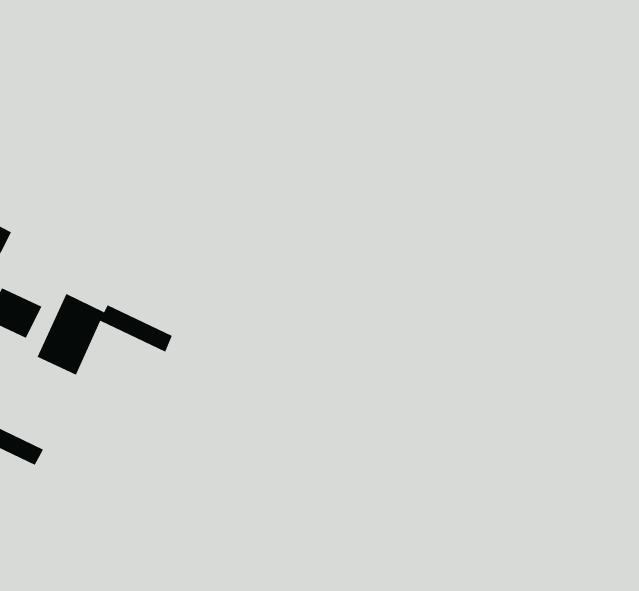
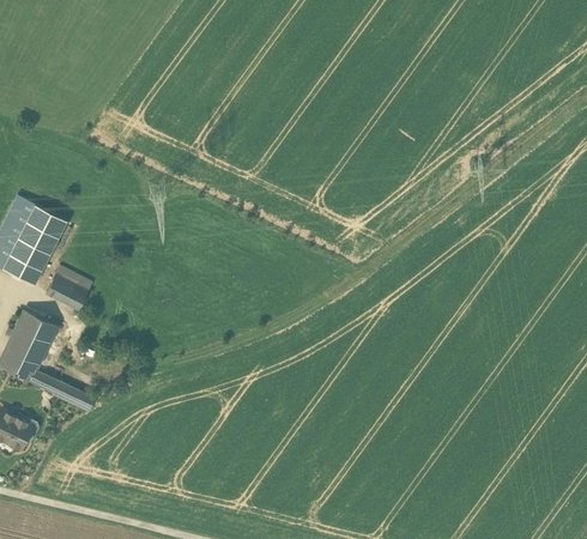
building: [37,293,173,376] -> none

